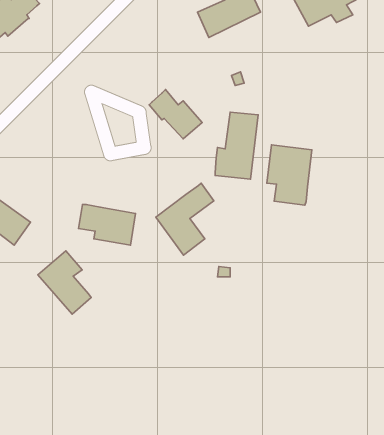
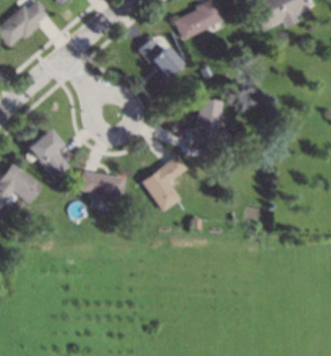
building: [149,90,202,139] -> [140,37,182,76]
building: [267,145,312,205] -> none
building: [38,251,91,314] -> [28,128,70,178]

